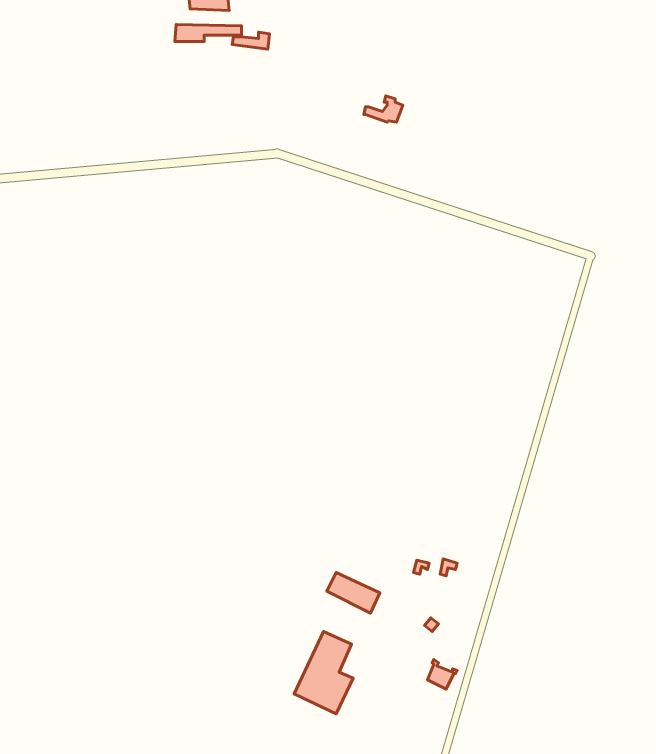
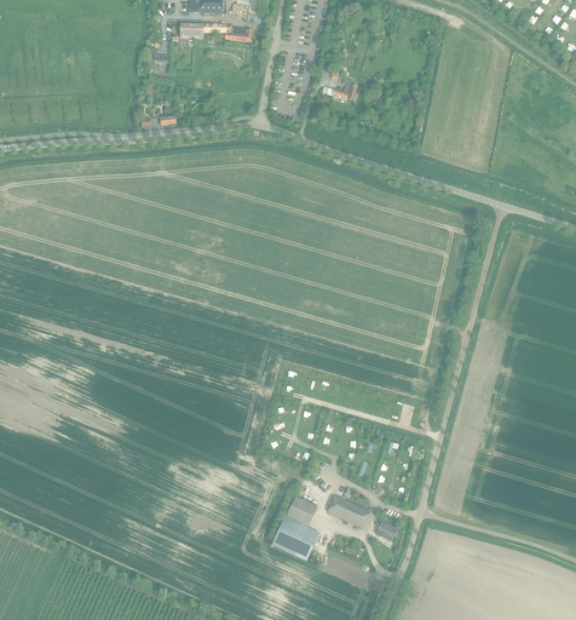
building: [327,573,380,613] -> [328,495,369,527]

